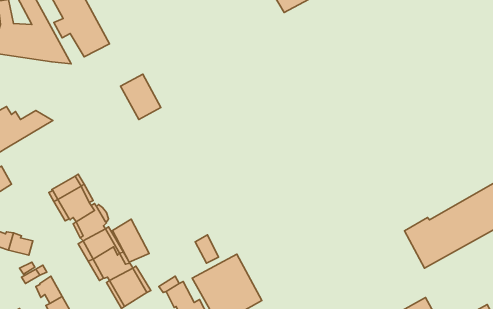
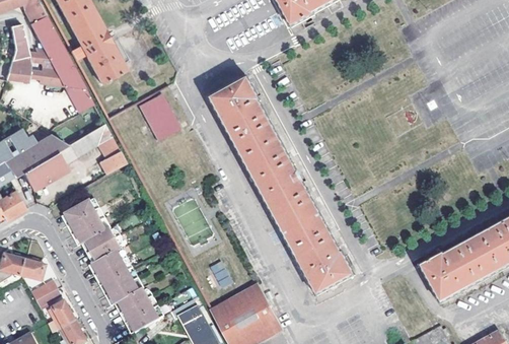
building: none -> [216,76,360,289]
building: none -> [64,85,96,119]
building: none -> [20,122,124,188]
building: [113,219,149,262] -> none

